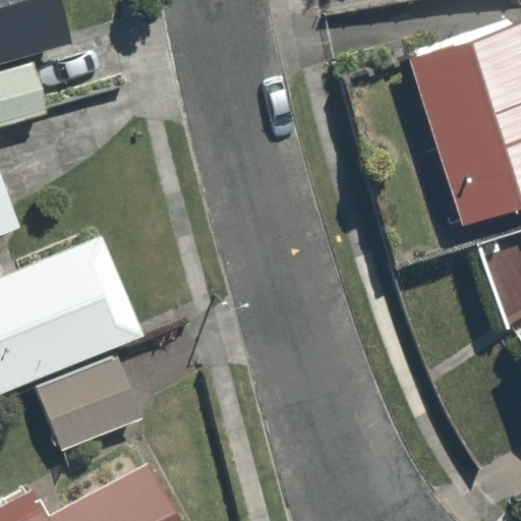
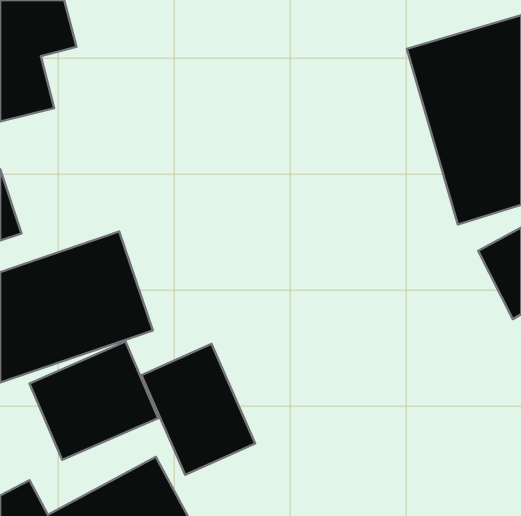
building: none -> [142,344,255,475]

